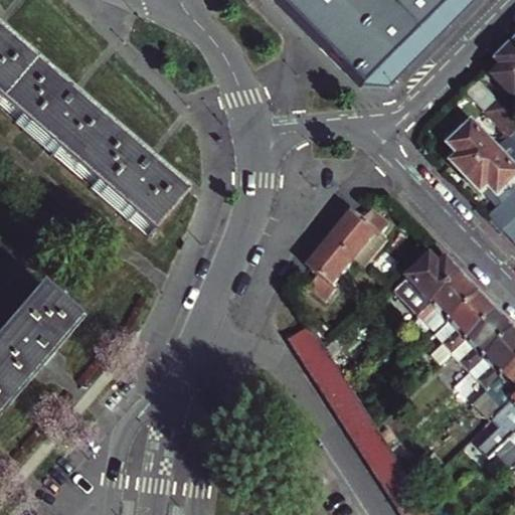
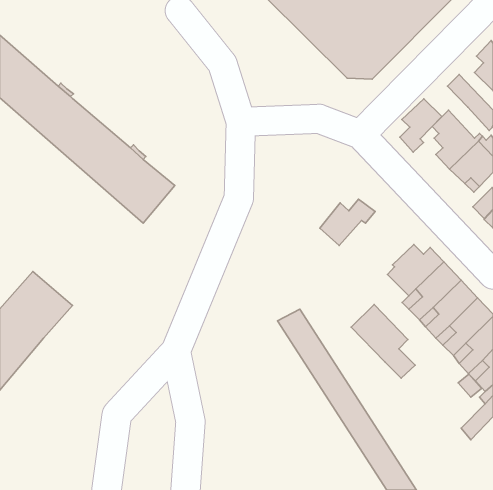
building: none -> [400,99,442,152]
building: [309,237,353,298] -> none
building: none -> [351,305,415,378]

